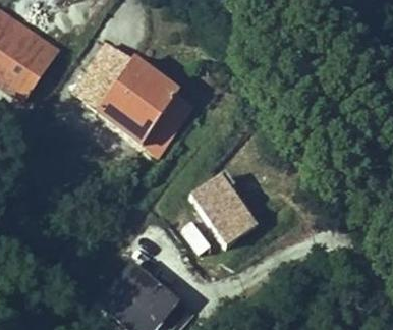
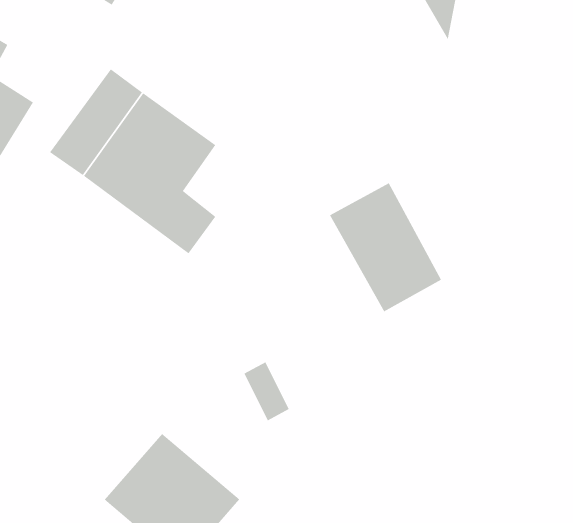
building: [150,90,189,132] -> none
building: [193,173,261,251] -> [329,183,442,312]

